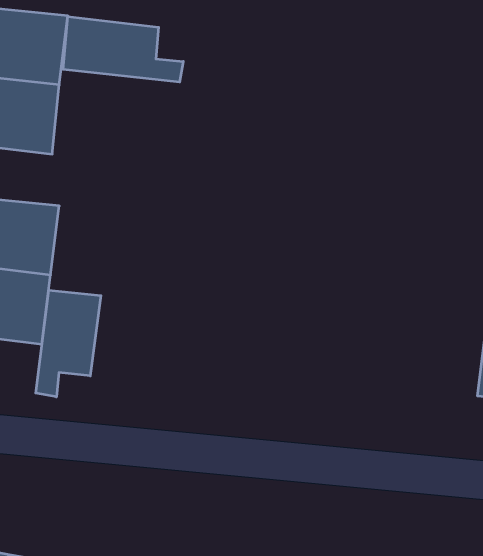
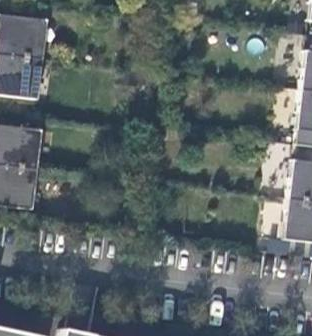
building: [63,17,183,82] -> none
building: [36,290,101,397] -> none

